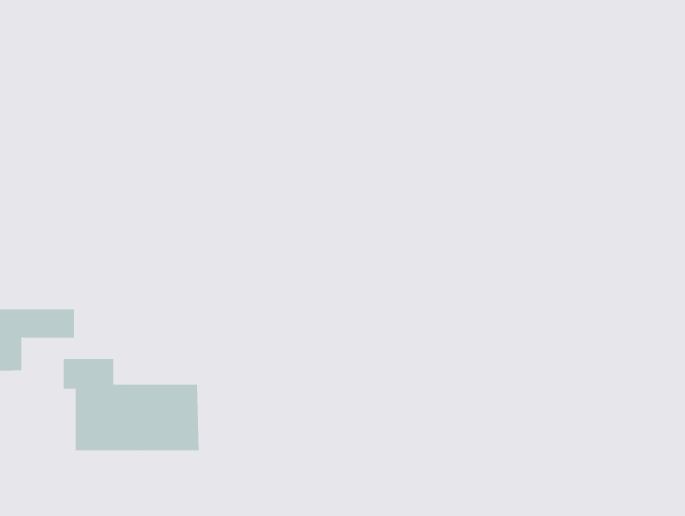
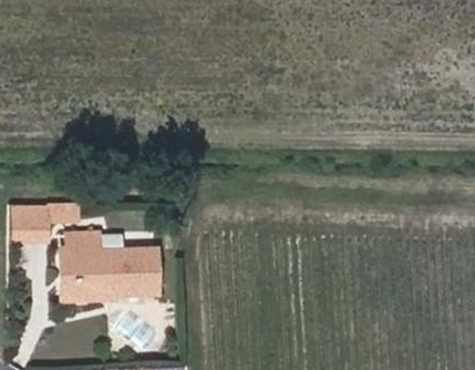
building: none -> [61,254,116,302]

